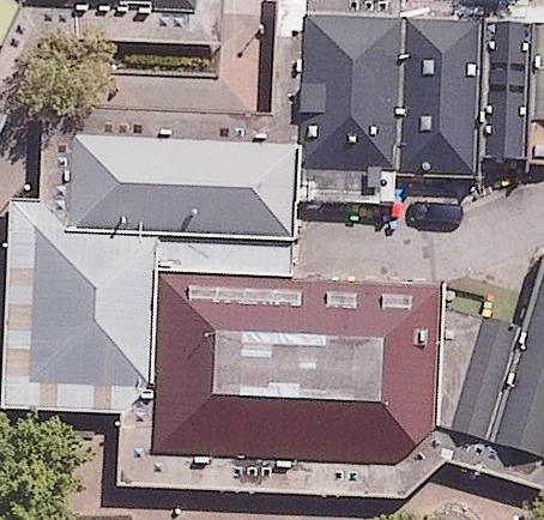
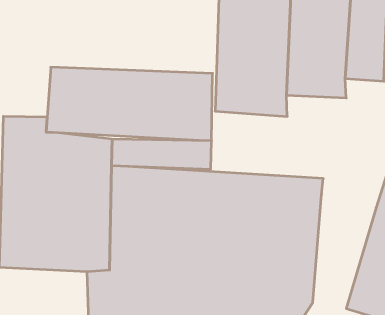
building: [431,306,518,461] -> none

